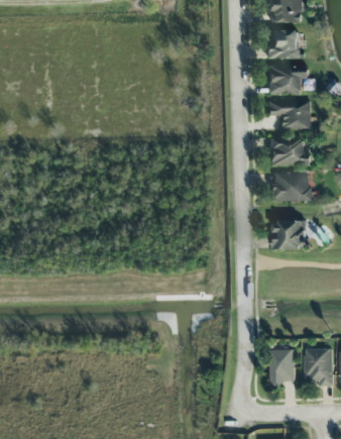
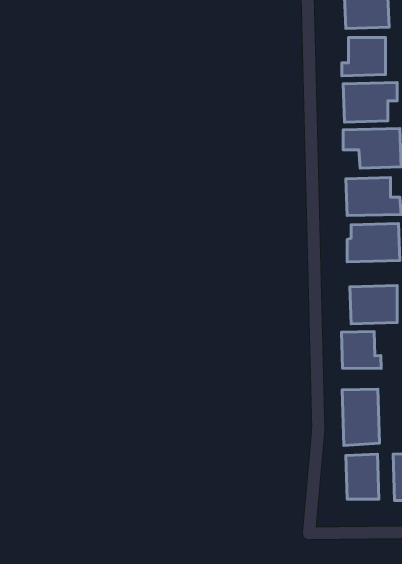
building: none -> [341,331,381,368]
building: none -> [342,389,379,445]

